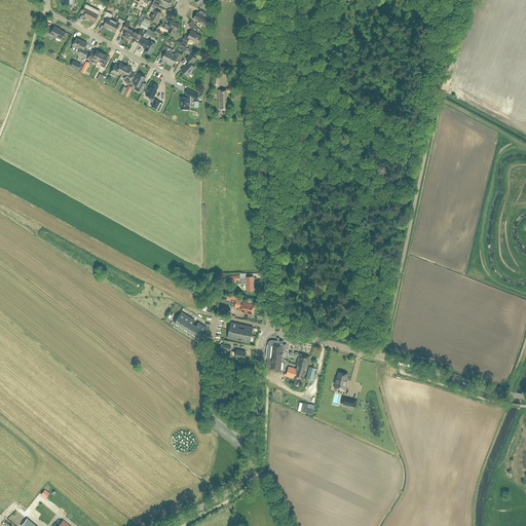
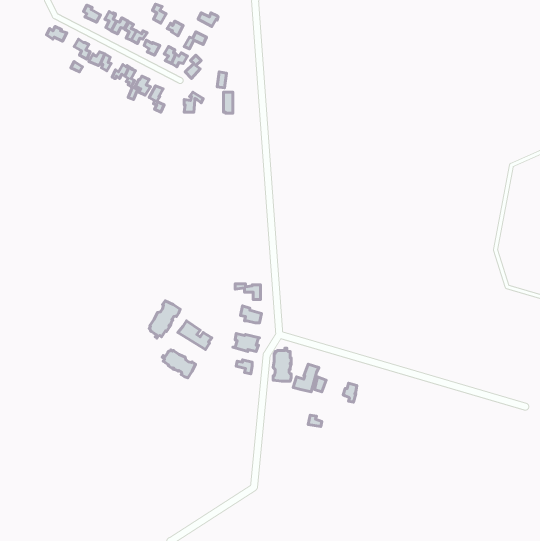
building: none -> [149,301,180,338]
building: none -> [162,350,196,378]

